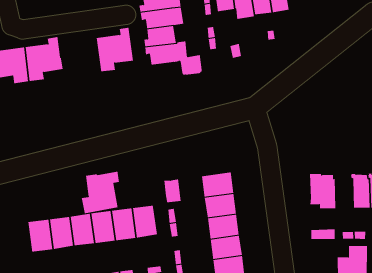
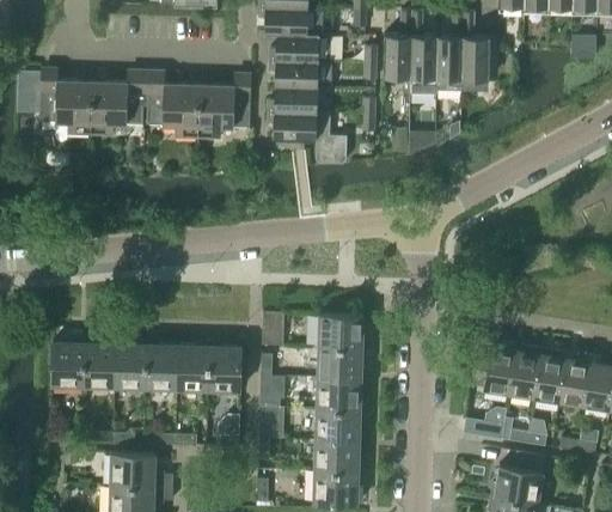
building: none -> [145,75,197,138]
building: [81,171,119,214] -> none
building: none -> [508,343,539,398]

